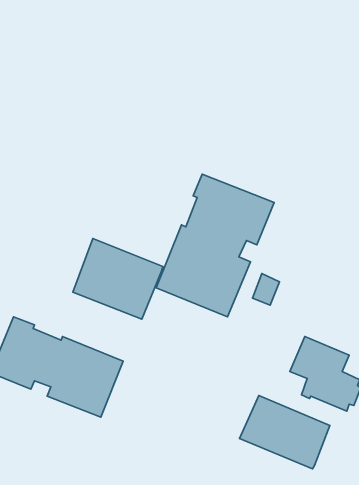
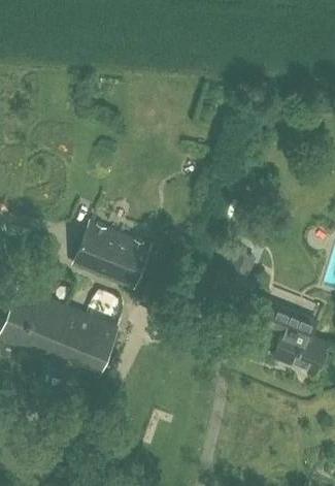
building: [156,174,274,317] -> none
building: [239,396,330,469] -> none

